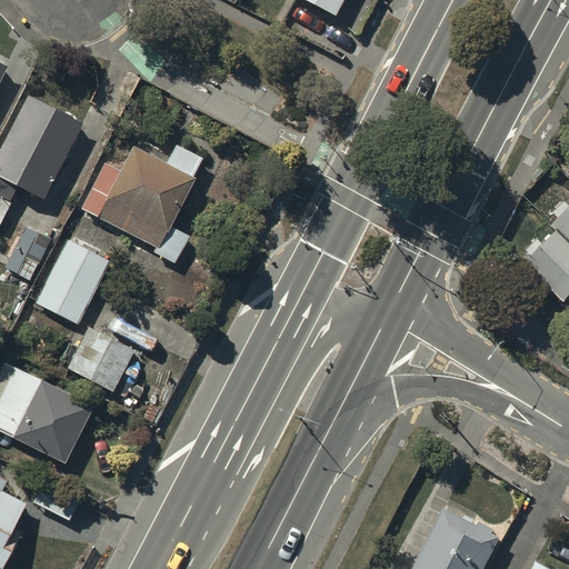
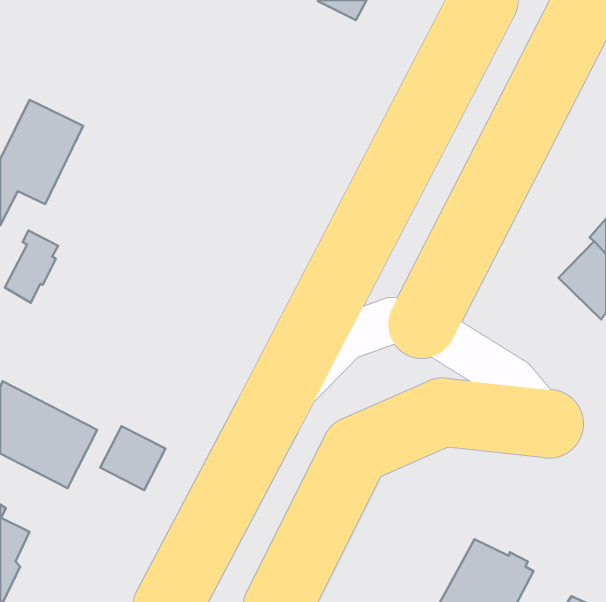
building: [86,146,202,246] -> none
building: [33,241,108,326] -> none
building: [71,328,132,388] -> [100,426,165,490]

